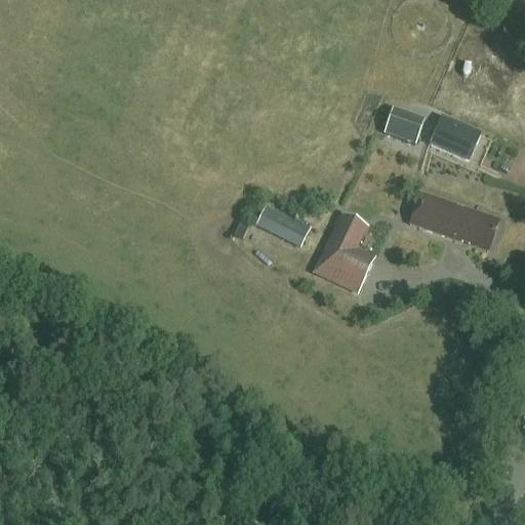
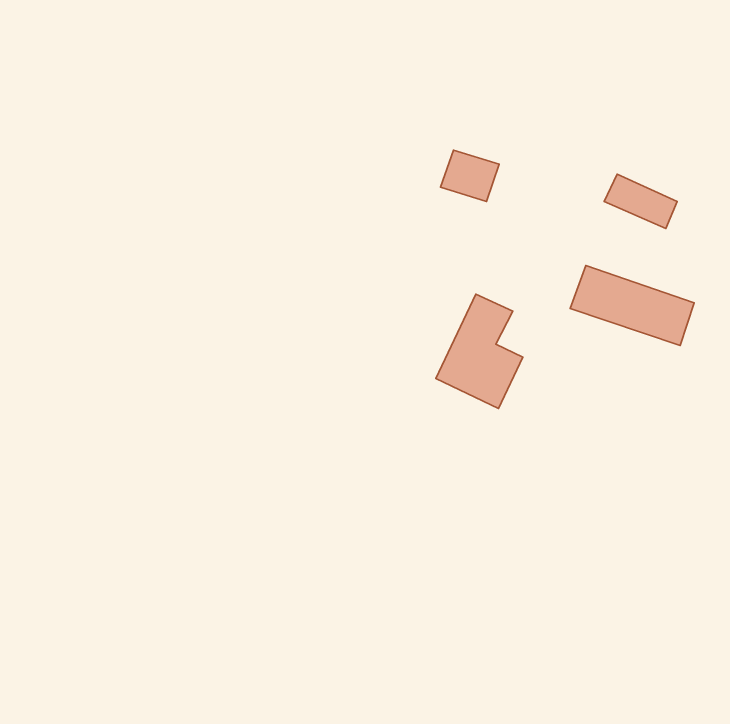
building: [382,106,425,143] -> [441,150,499,201]
building: [255,204,310,246] -> none

